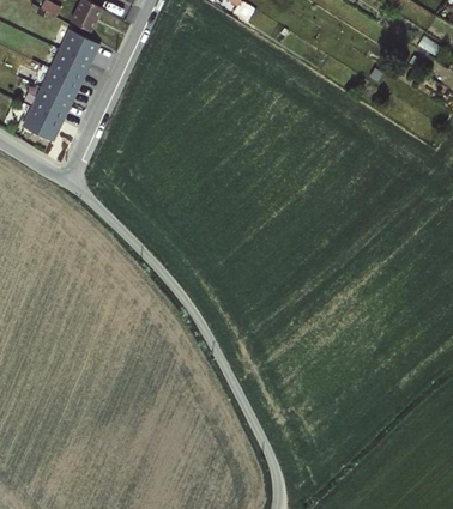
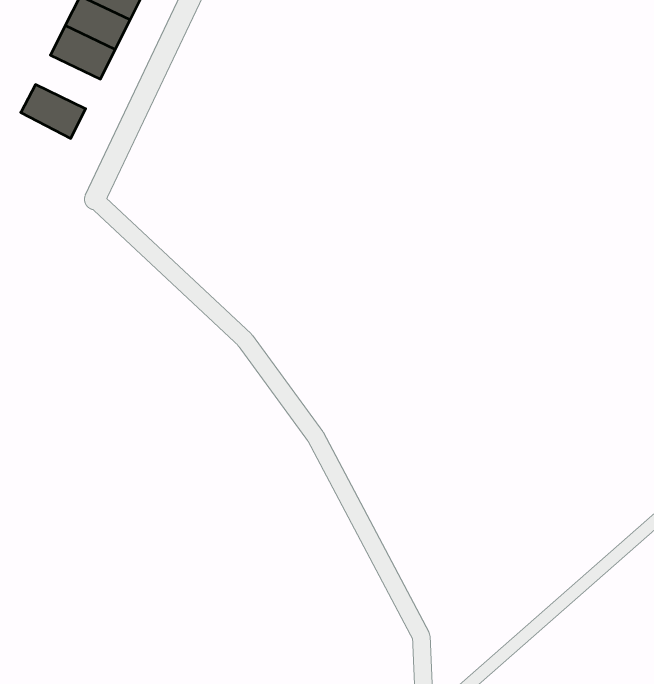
building: [29,86,71,121] -> none

